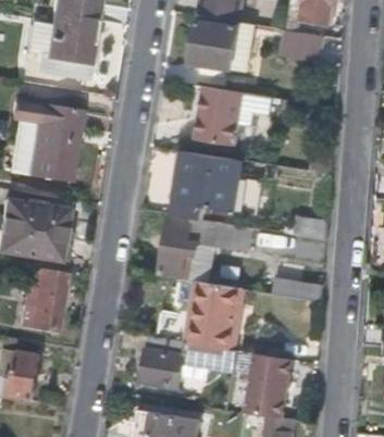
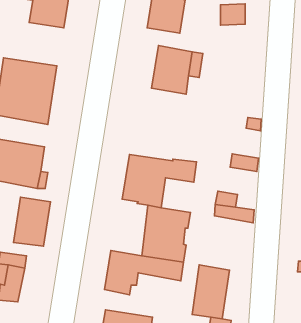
building: [171,152,244,211] -> none

